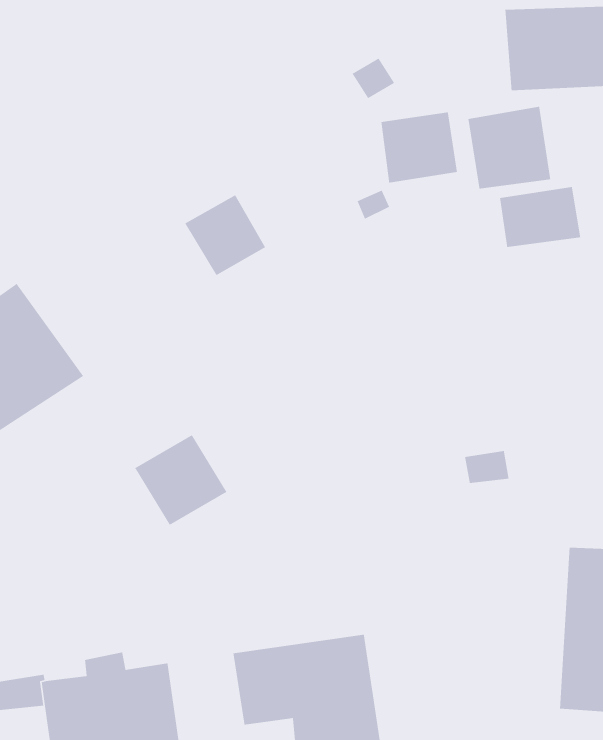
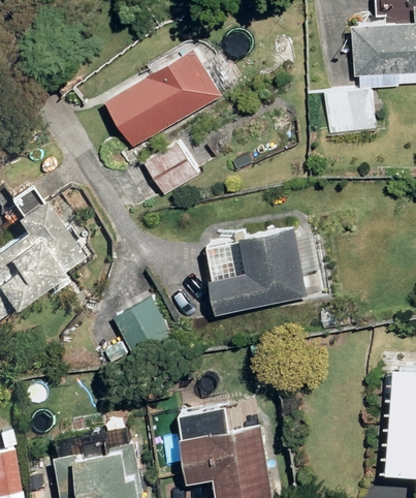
building: none -> [103,49,222,149]
building: [381,111,458,184] -> none
building: [499,186,581,248] -> none
building: none -> [206,227,306,313]

